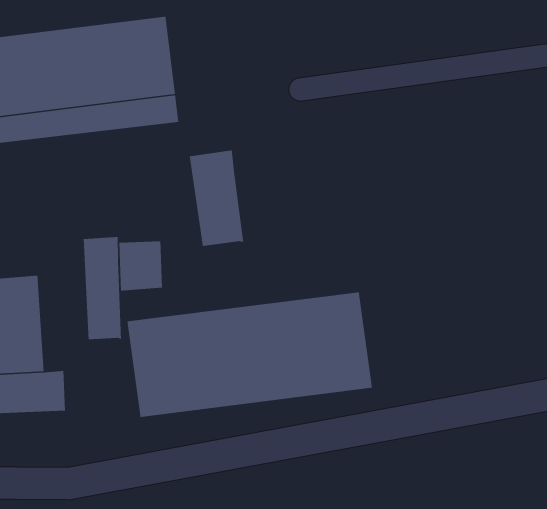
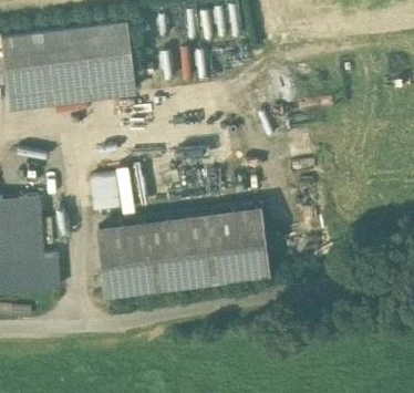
building: [189,149,244,247] -> none
building: [83,236,122,340] -> none

